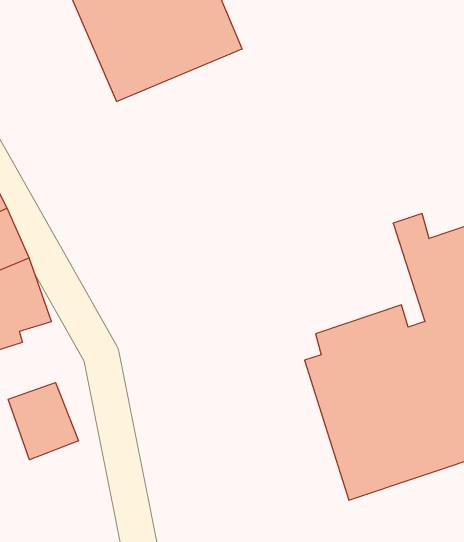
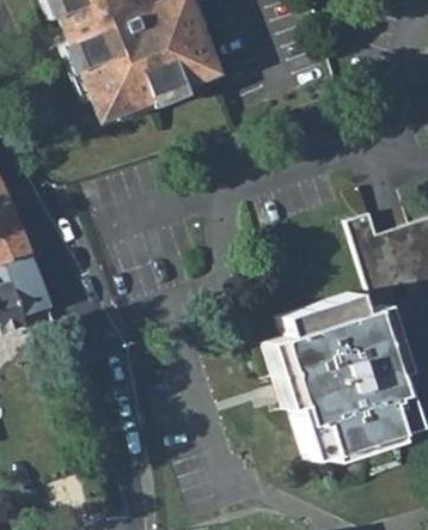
building: [8,383,79,460] -> none

